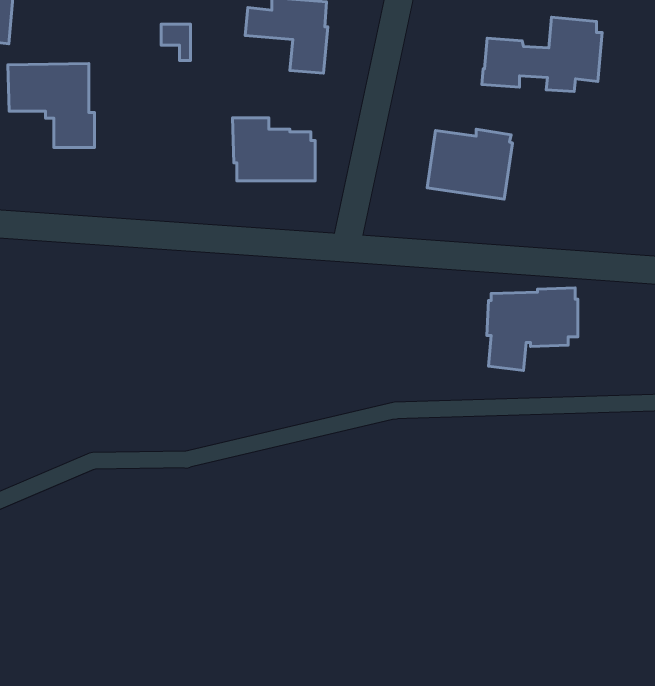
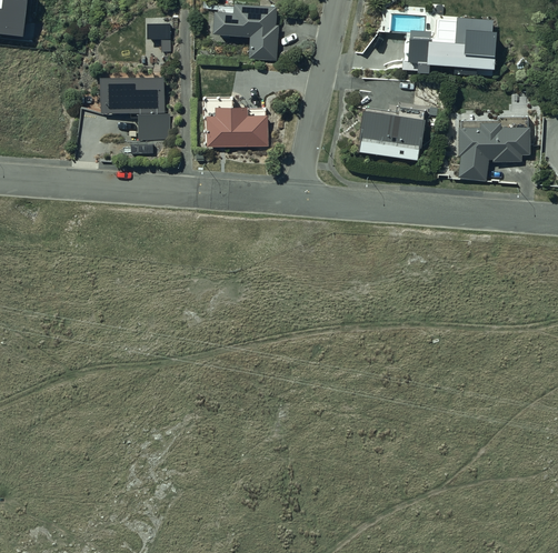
building: [8,63,94,147] -> [100,76,169,142]
building: [487,288,578,370] -> [456,117,528,182]

